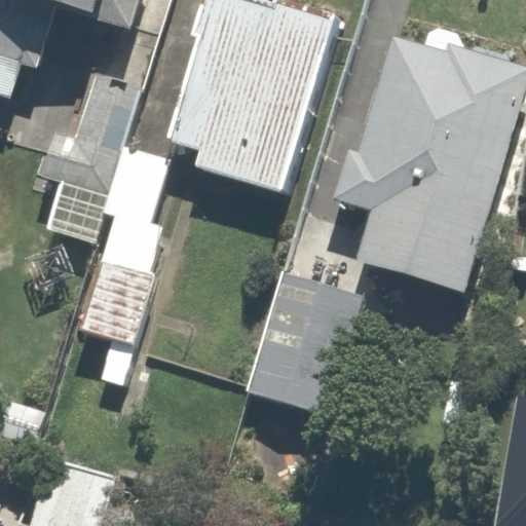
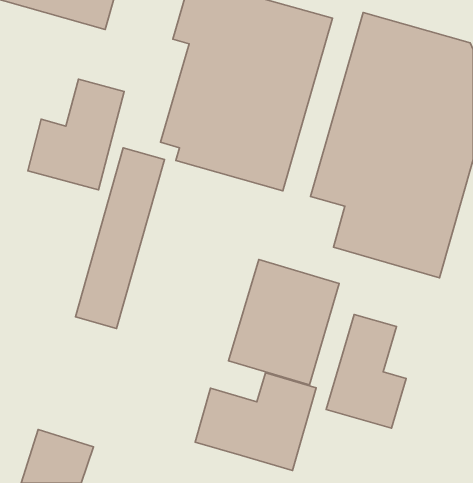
building: none -> [326,314,406,428]
building: none -> [195,373,316,471]

